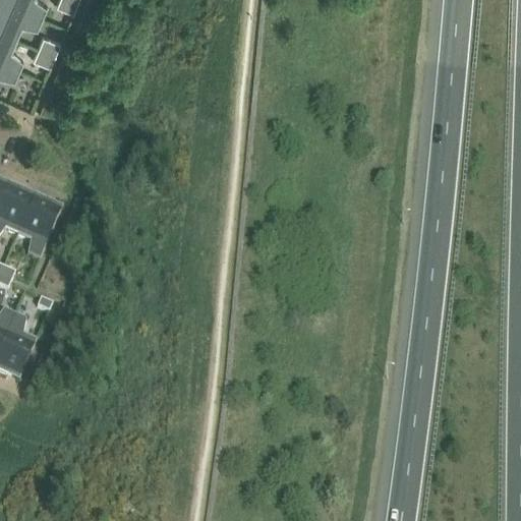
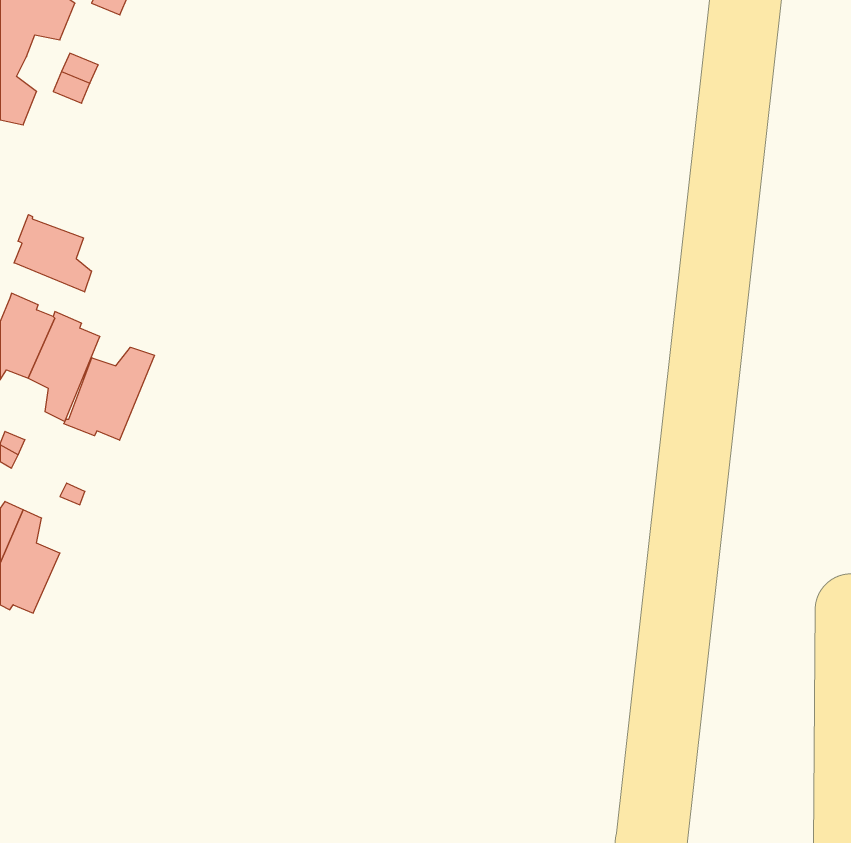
building: none -> [14,215,92,292]
building: none -> [64,347,155,440]

